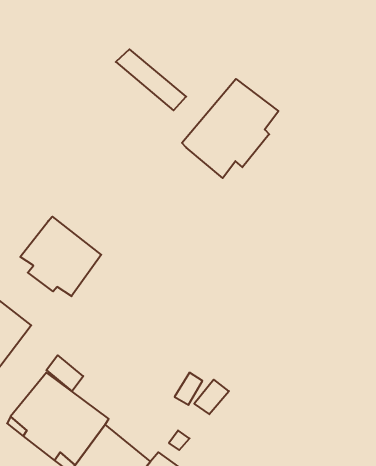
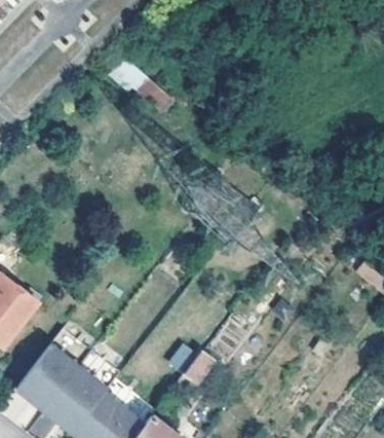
building: [182,79,278,178] -> none
building: [20,217,101,296] -> none

